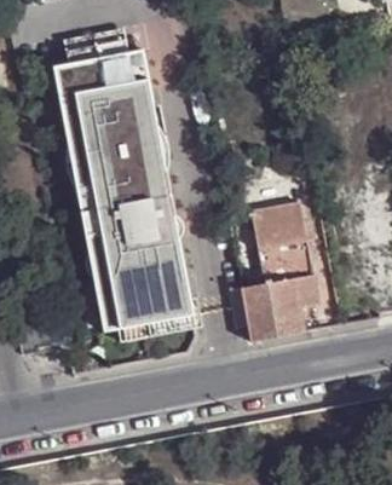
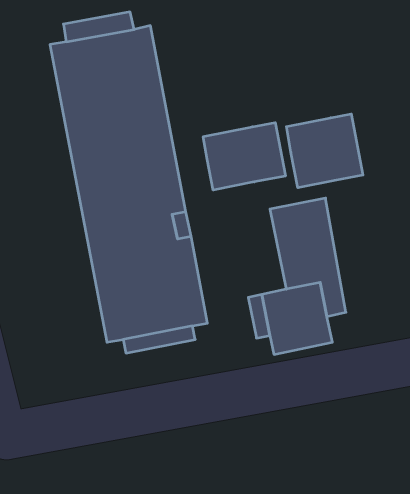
building: none -> [286,114,363,188]
building: none -> [203,123,285,190]

